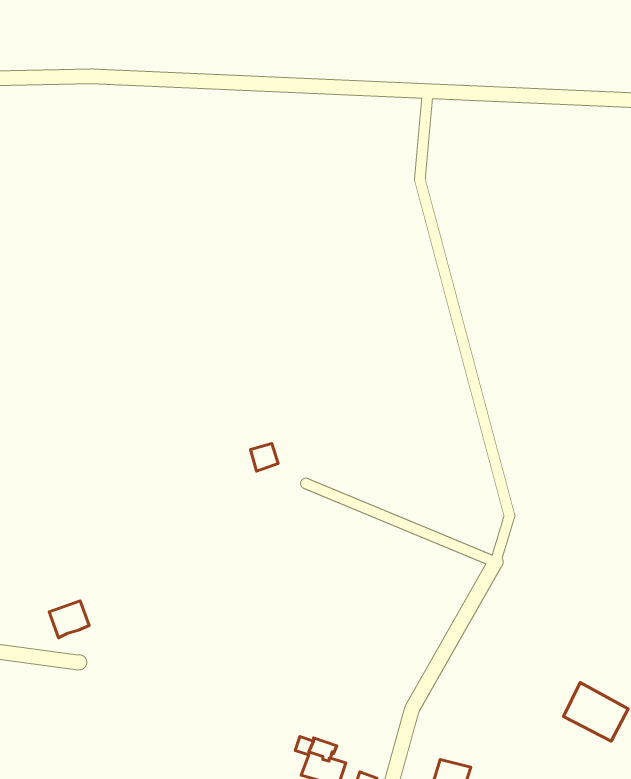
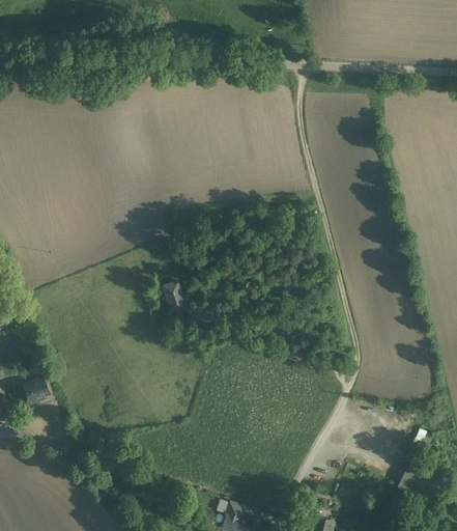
building: none -> [163,284,184,313]
building: [49,601,89,638] -> [23,378,50,402]

